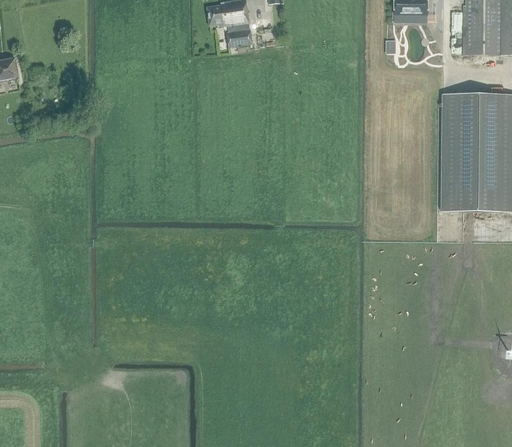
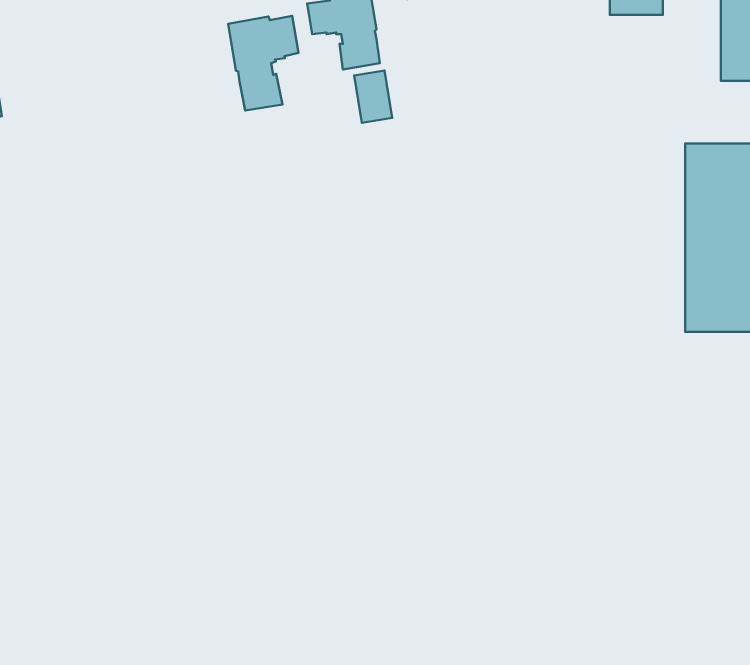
building: none -> [228,16,299,110]
building: none -> [354,70,392,123]

